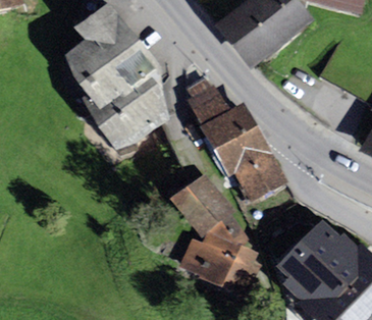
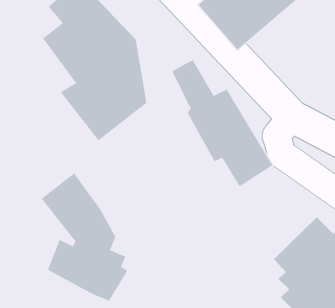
building: [174,174,256,295] -> [41,173,128,301]

